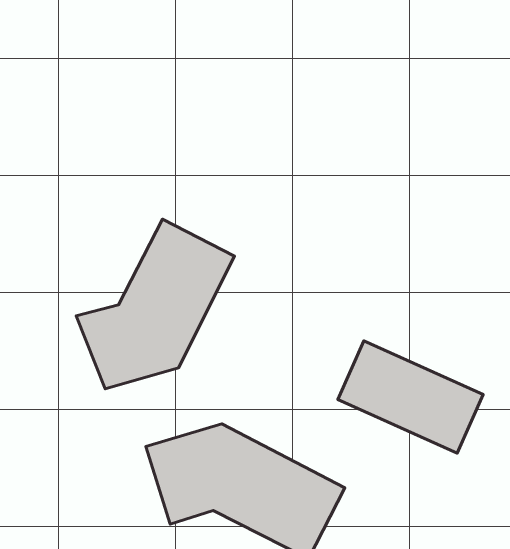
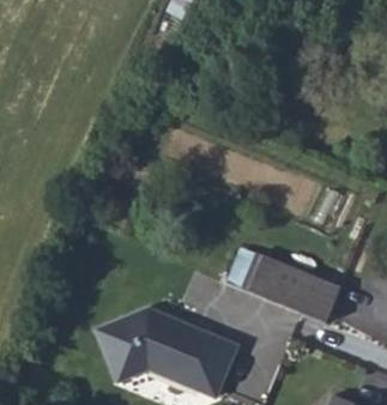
building: [76,219,235,389] -> none

